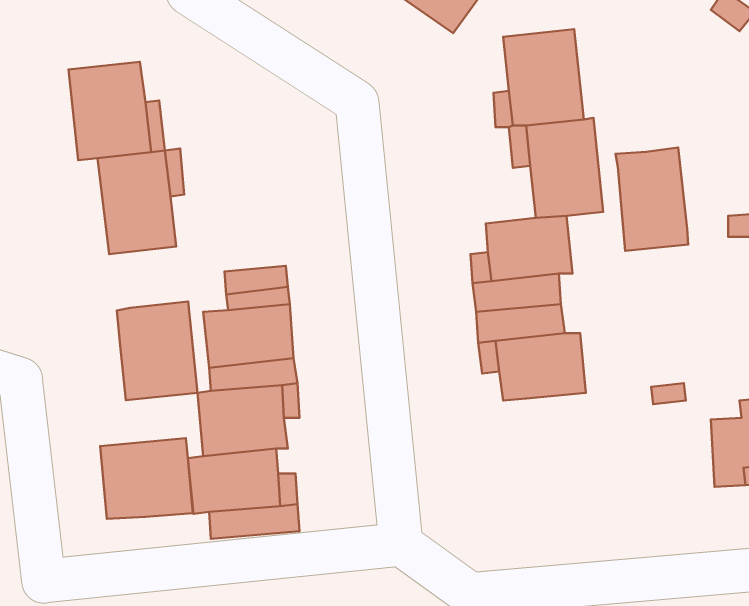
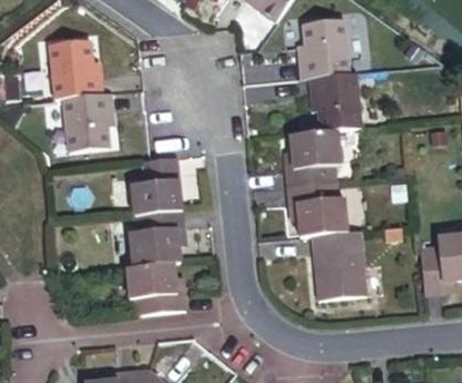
building: [615,147,688,251] -> none
building: [117,301,197,400] -> none
building: none -> [314,229,370,292]
building: [100,438,193,519] -> none

